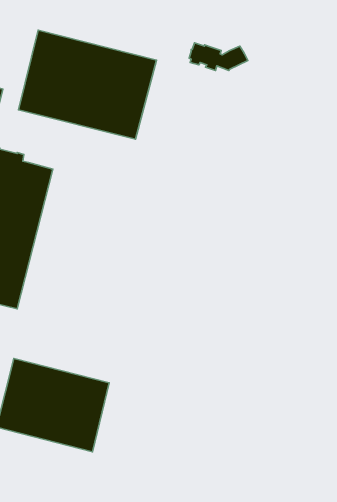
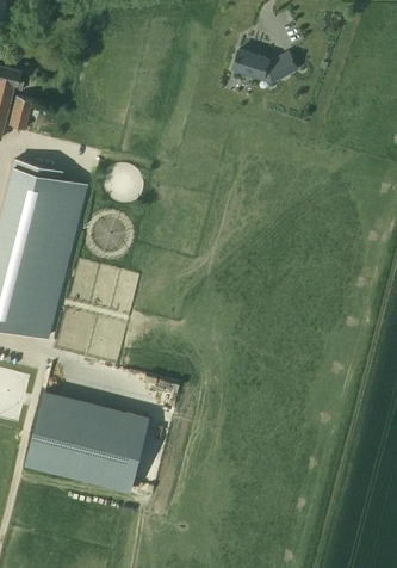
building: [18,30,156,139] -> none

